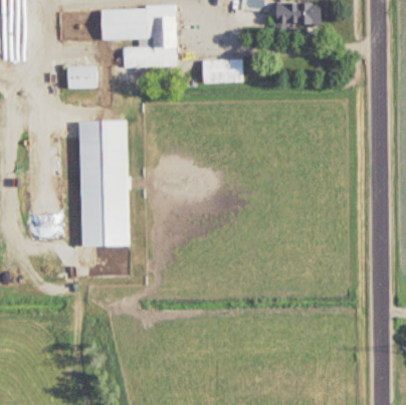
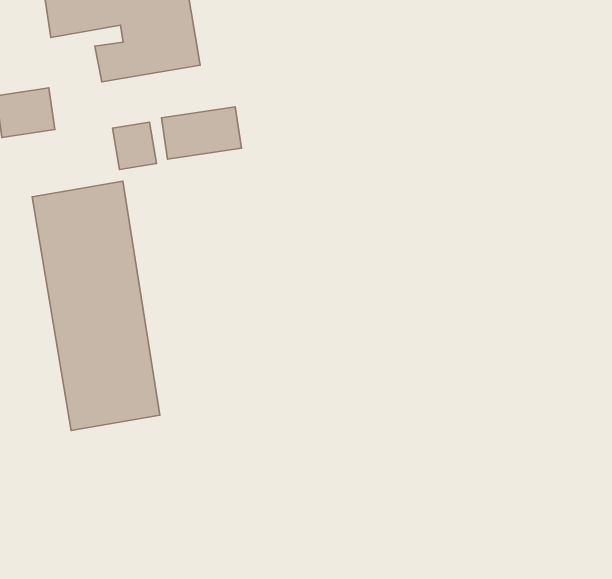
building: [203,60,242,82] -> [161,107,241,159]
building: none -> [113,122,156,169]

